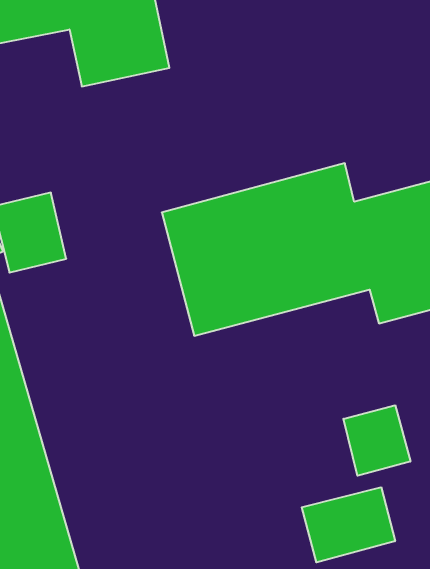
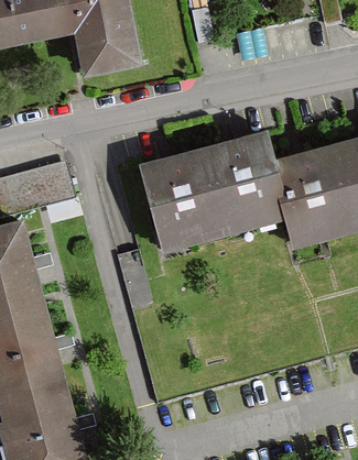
building: [343,405,410,476] -> none
building: [302,487,395,562] -> none

